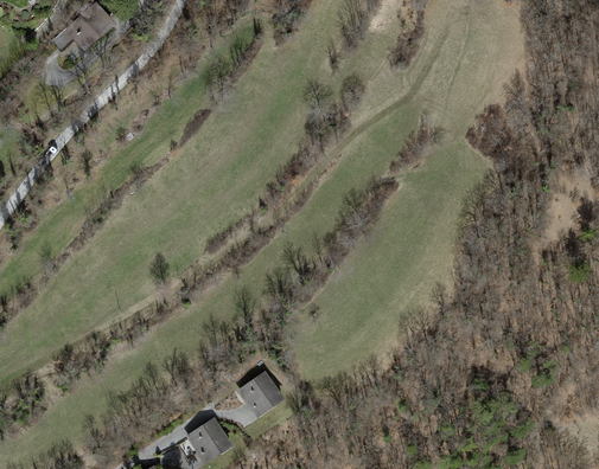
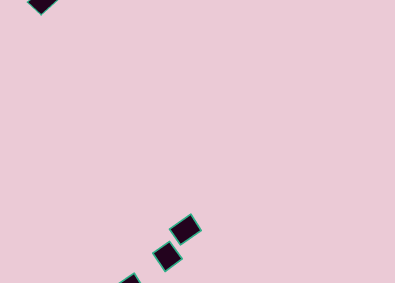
building: none -> [170,214,201,245]

